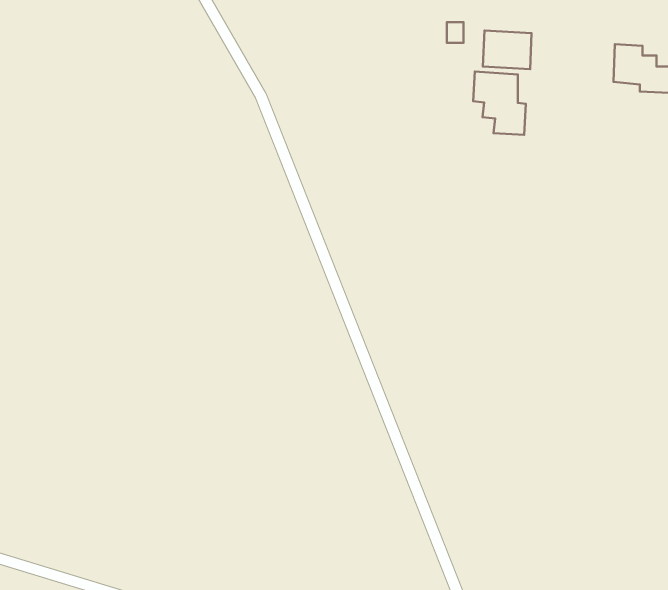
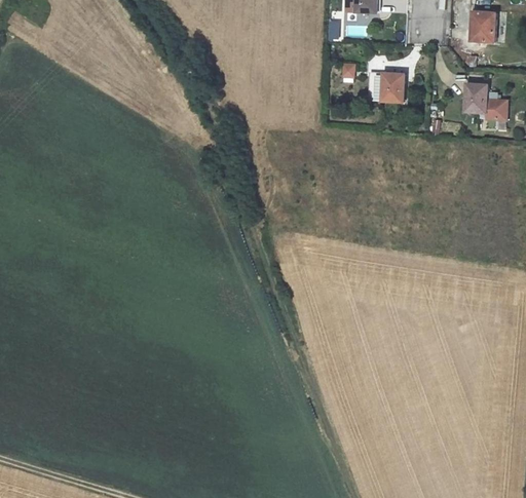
building: [473,72,526,135] -> none

